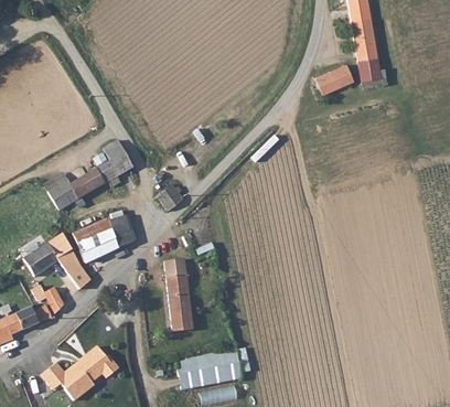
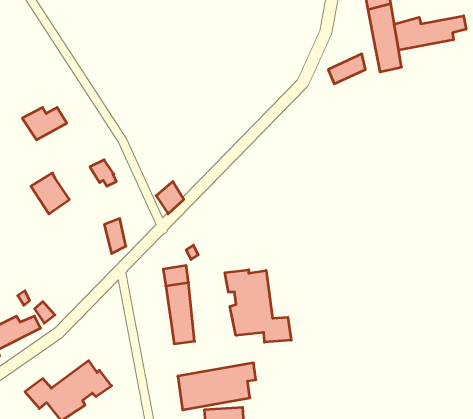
building: none -> [394,16,466,50]
building: [101,140,133,174] -> none
building: [64,168,105,197] -> [22,107,67,140]
building: [74,221,116,263] -> none
building: [21,233,88,290] -> none
building: none -> [225,270,291,342]

